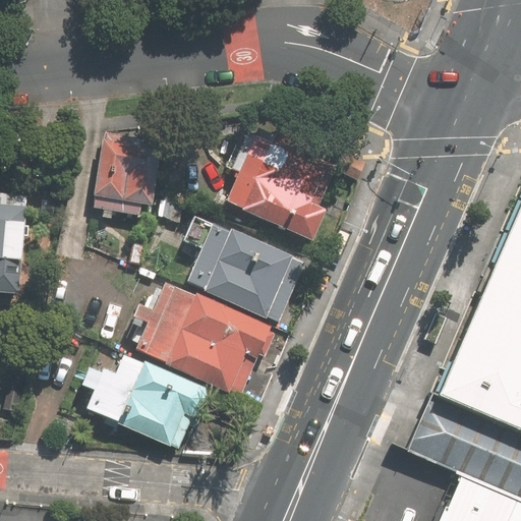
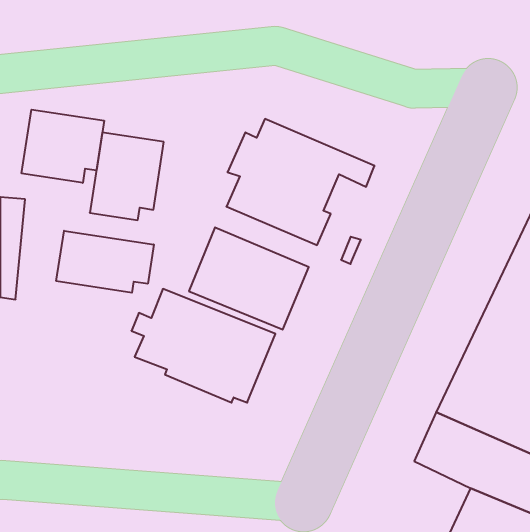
building: none -> [22,110,104,183]
building: none -> [56,231,154,293]
building: [81,355,208,449] -> none

